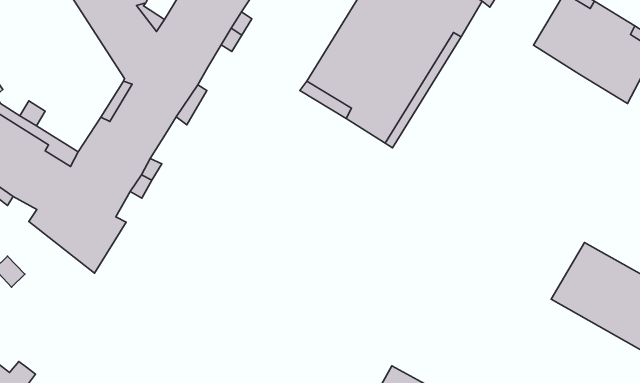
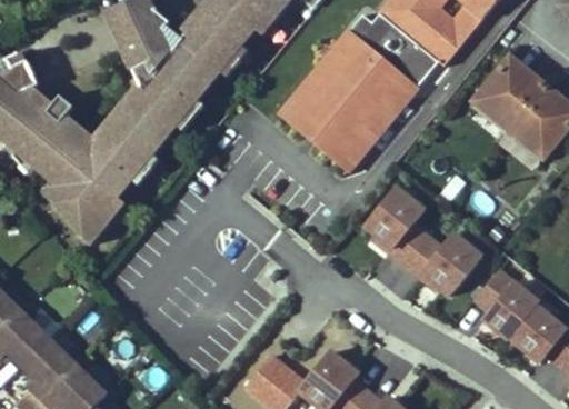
building: none -> [352,177,482,298]

